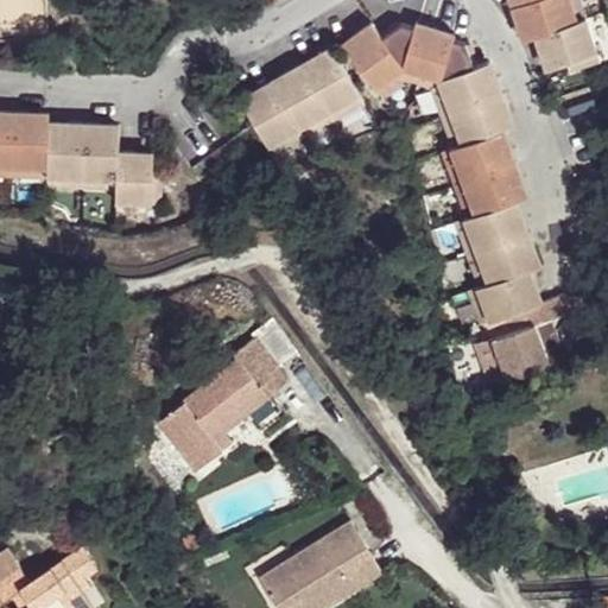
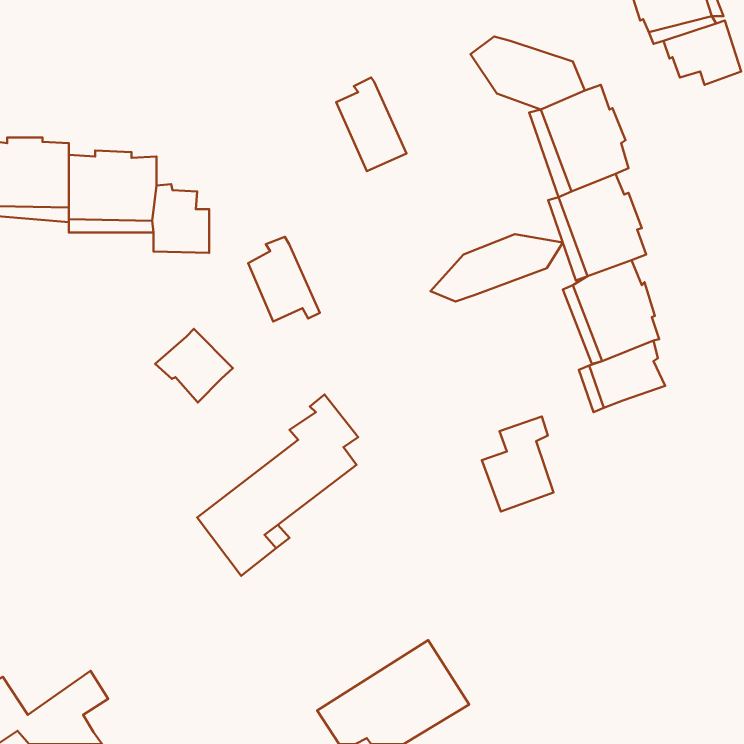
building: [346,28,404,104] -> none
building: [304,49,362,125] -> none
building: [240,77,298,146] -> [248,237,320,321]
building: none -> [430,234,563,301]
building: none -> [155,329,233,403]
building: [492,314,550,391] -> [482,416,554,511]

